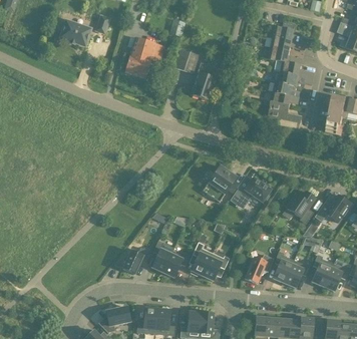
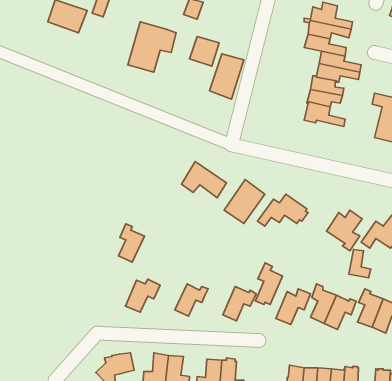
building: none -> [181,162,226,198]
building: [151,241,172,272] -> [118,224,144,262]
building: [190,242,212,276] -> [255,263,282,305]

